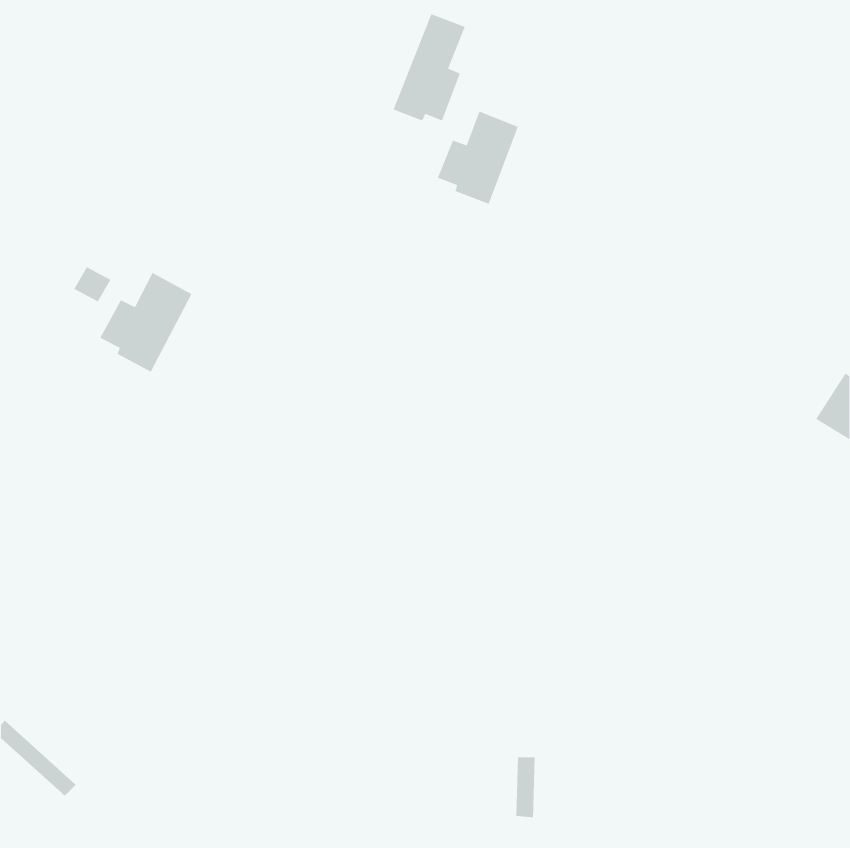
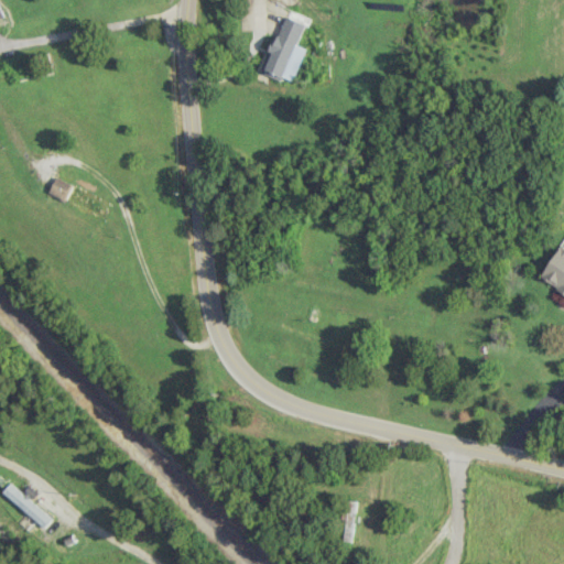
building: [437,111,519,205] -> none
building: [99,272,193,373] -> none

